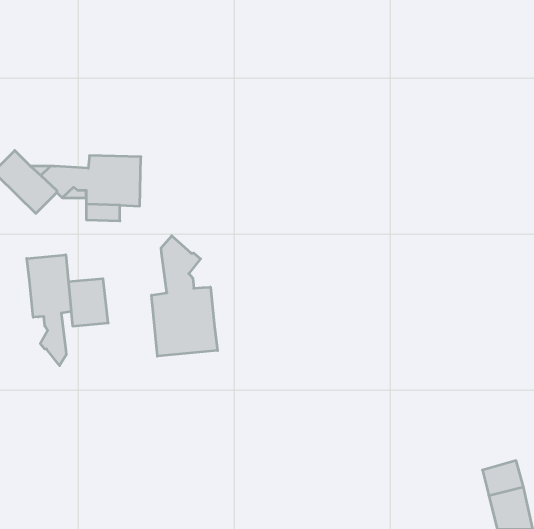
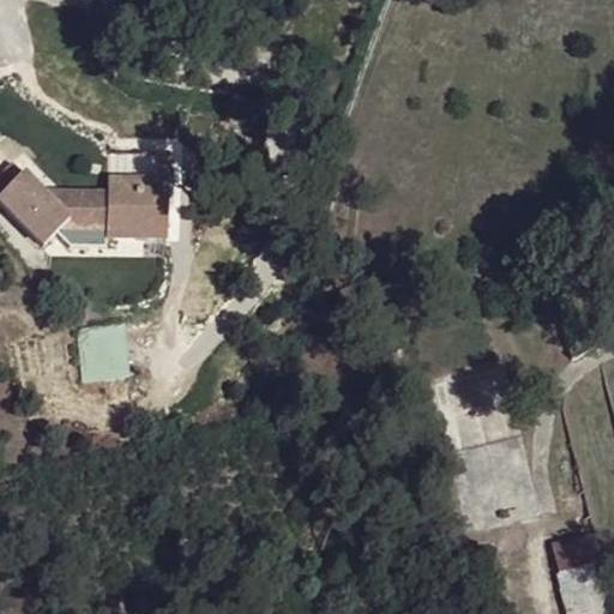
building: [152,236,218,356] -> none
building: [27,255,71,366] -> none

